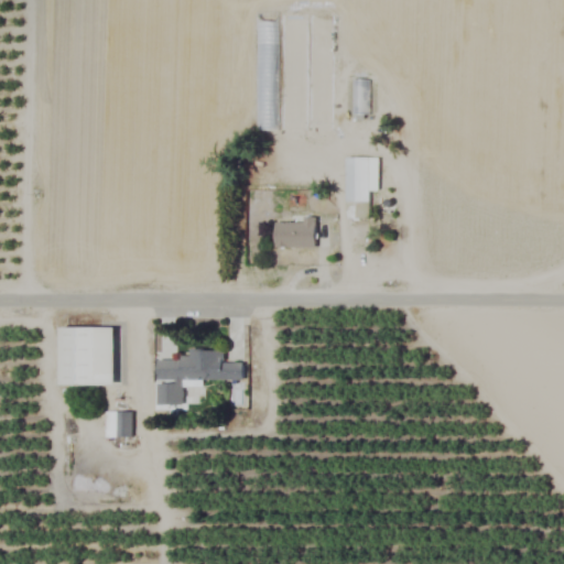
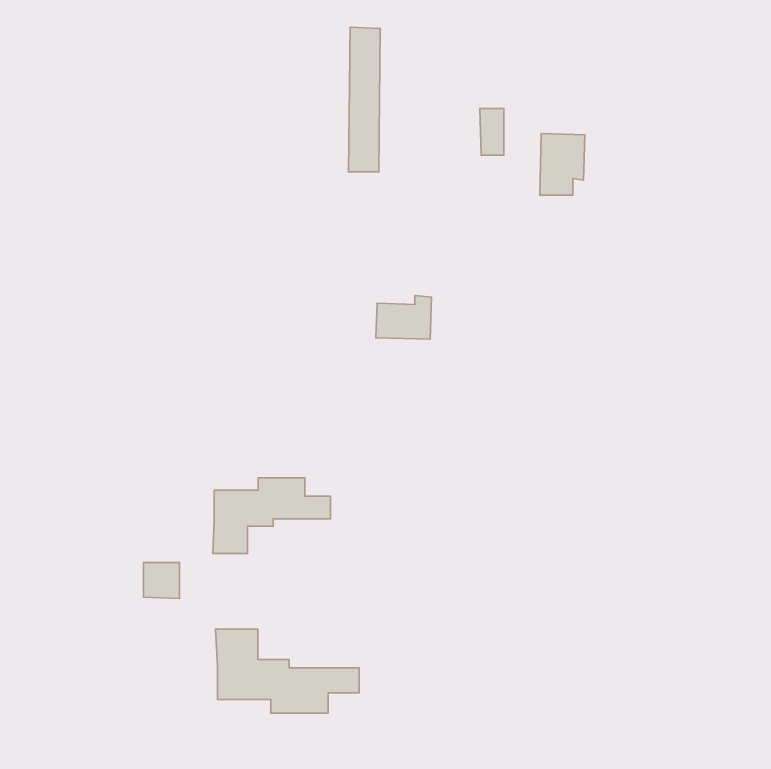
building: [345,156,378,202] -> [540,133,585,195]
building: [62,327,115,384] -> none
building: none -> [216,629,359,713]

